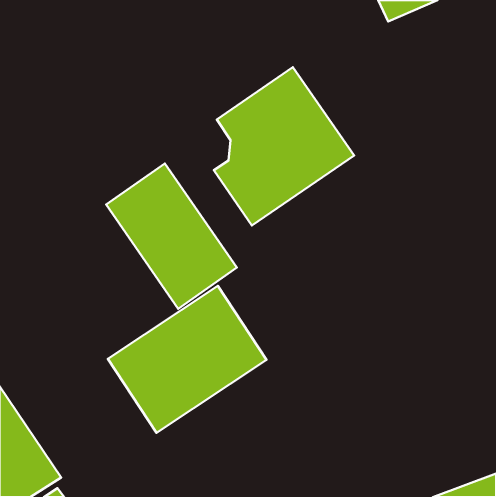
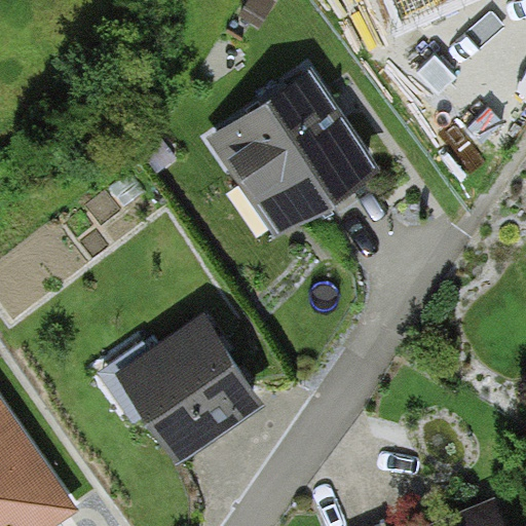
building: [106,164,237,309] -> none

